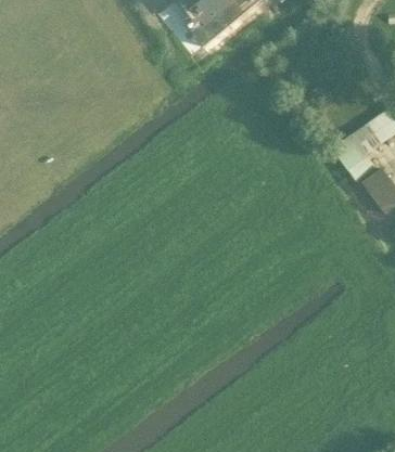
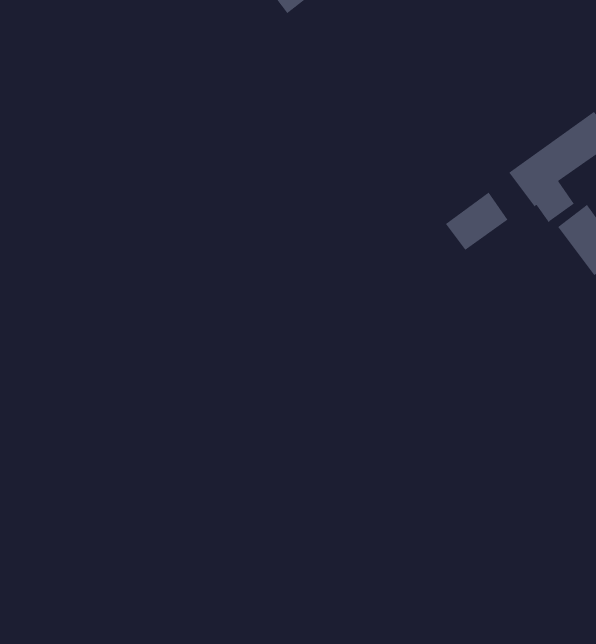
building: none -> [445,192,509,251]

